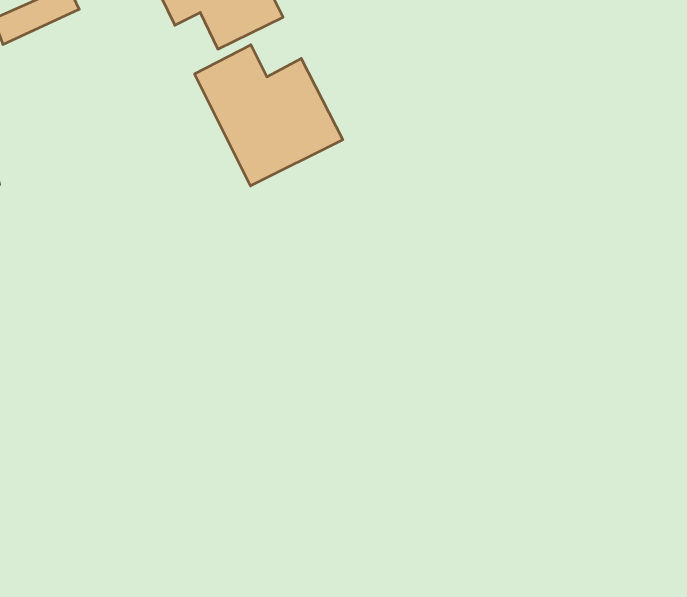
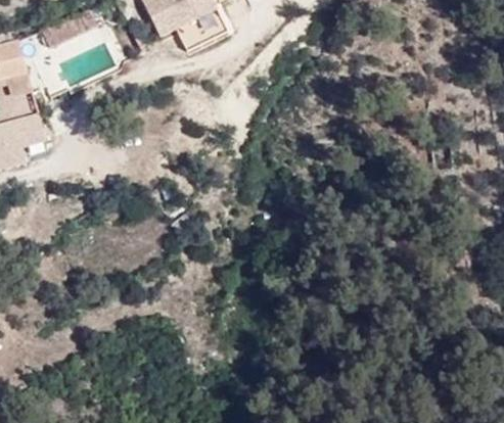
building: [195,45,343,186] -> none

